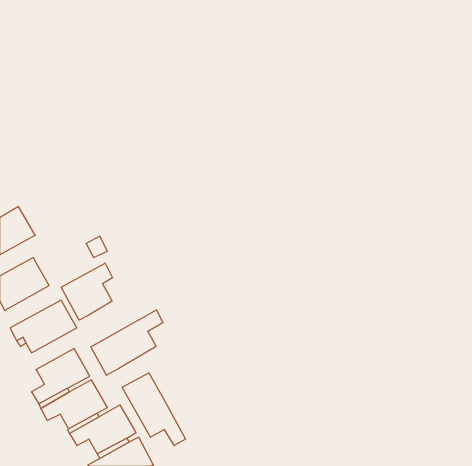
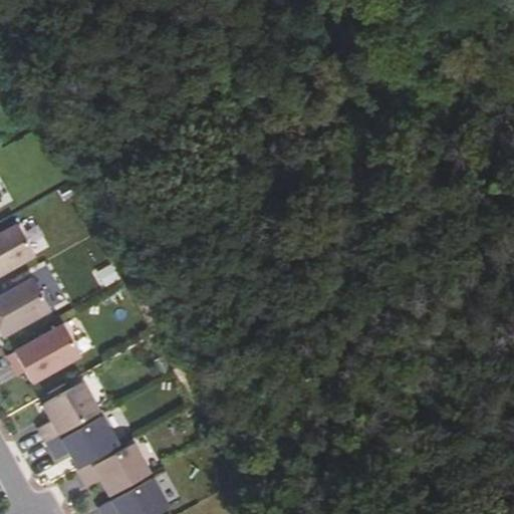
building: [61,263,113,320] -> none
building: [91,310,163,375] -> none
building: [122,373,185,446] -> none

